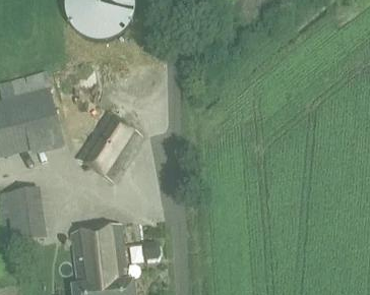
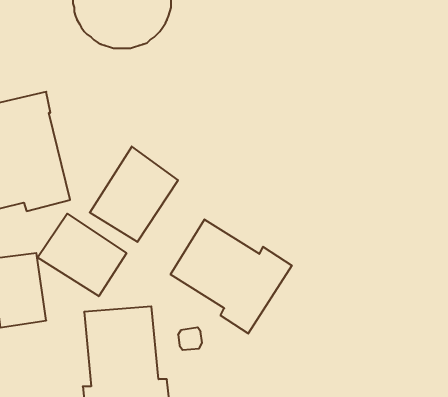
building: none -> [38,214,126,296]
building: none -> [171,219,292,334]

